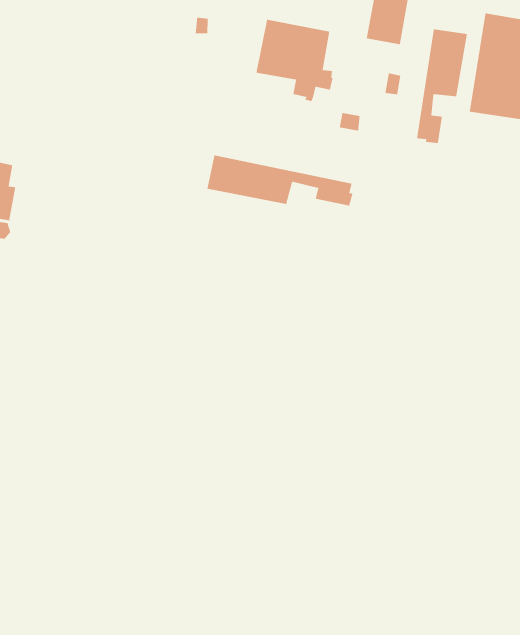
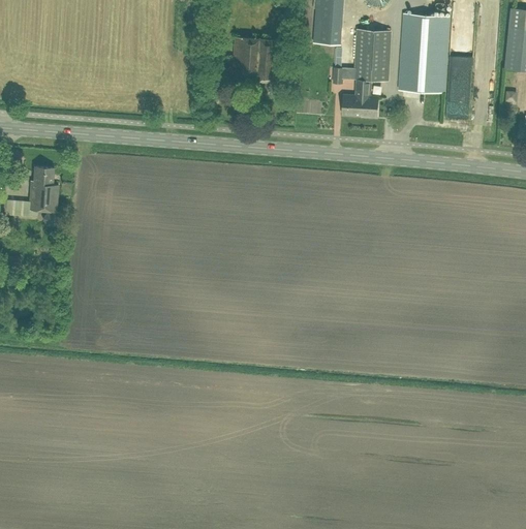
building: none -> [342,29,364,115]
building: [206,155,353,206] -> none

